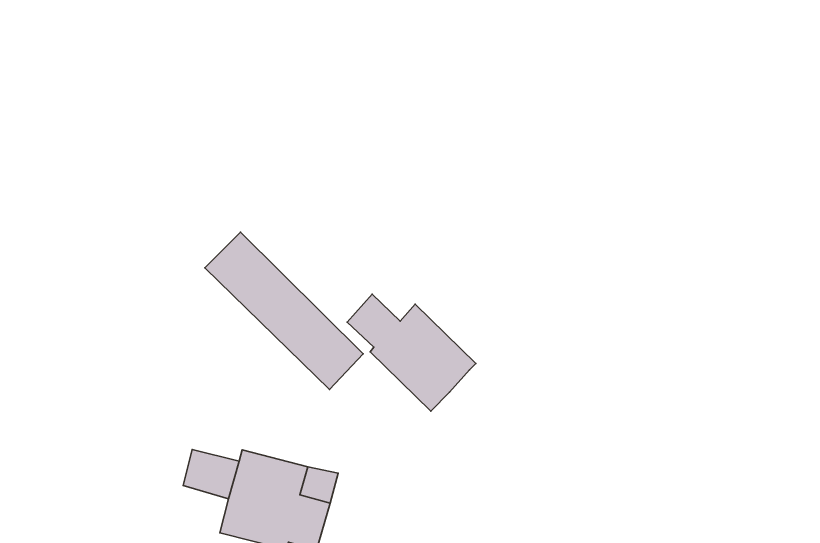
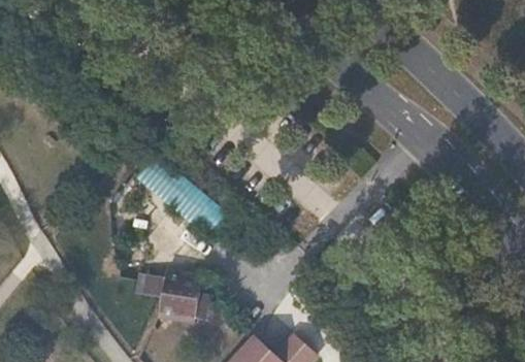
building: [347,294,476,411] -> none

